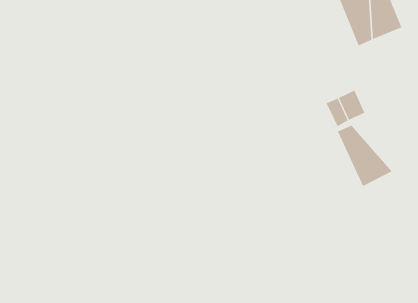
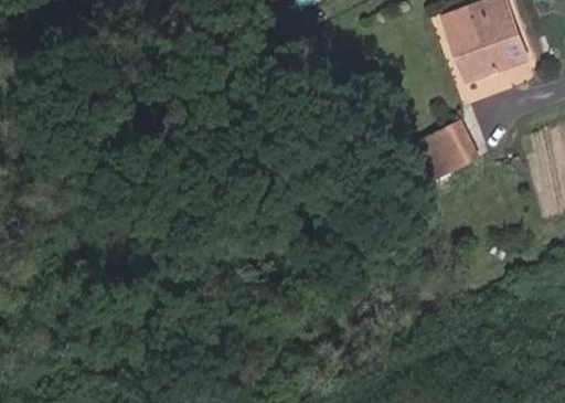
building: [337,125,393,187] -> none

